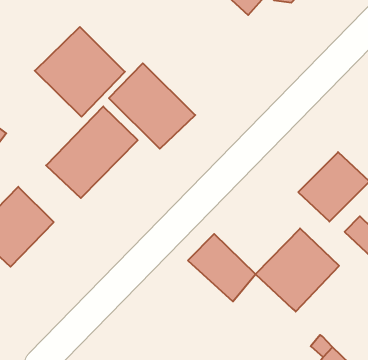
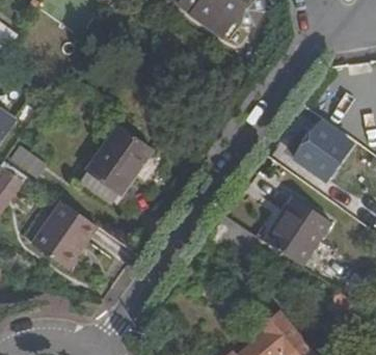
building: [35,27,125,117] -> none
building: [109,63,195,149] -> none

